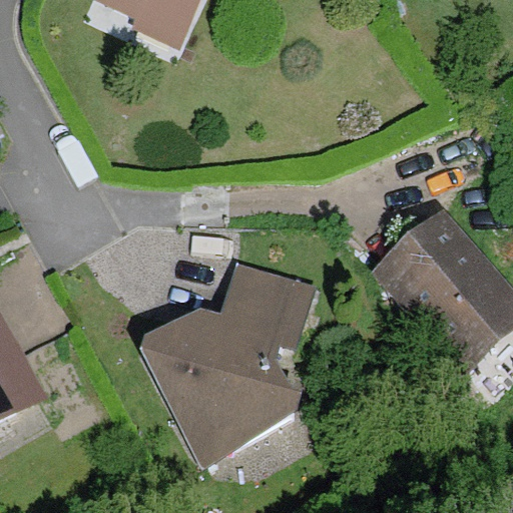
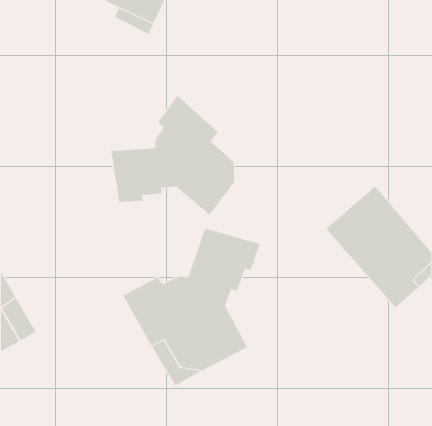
building: none -> [111,95,235,216]

